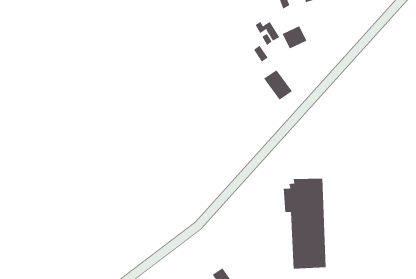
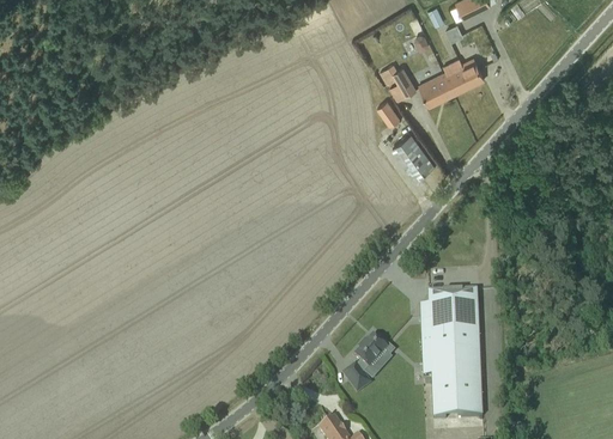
building: none -> [442,59,484,96]
building: none -> [342,336,394,394]

